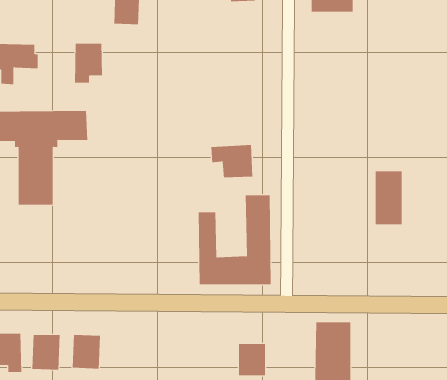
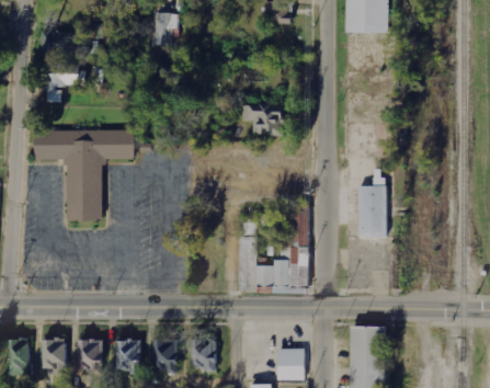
building: [74,43,102,84] -> none
building: [210,144,253,178] -> [243,103,284,135]
building: [375,171,402,225] -> [357,186,384,238]
building: none -> [193,338,217,369]
building: none -> [156,339,180,370]

